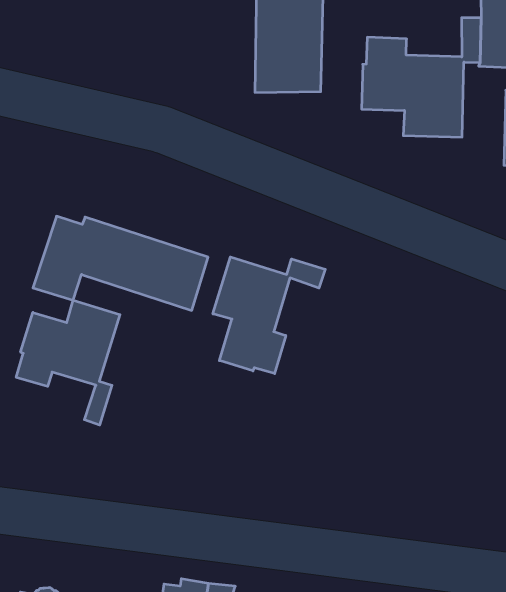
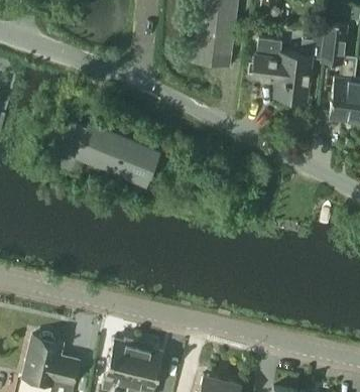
building: [213,257,325,374] -> none
building: [16,300,120,425] -> none

